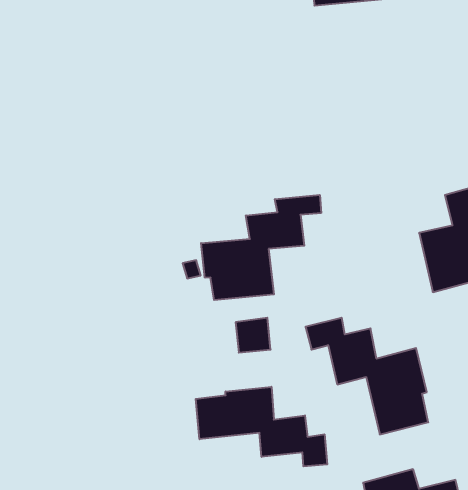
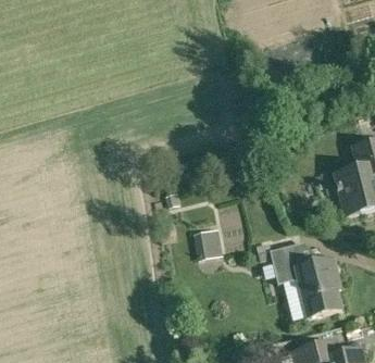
building: [201,195,321,300] -> none
building: [196,387,327,466] -> none

